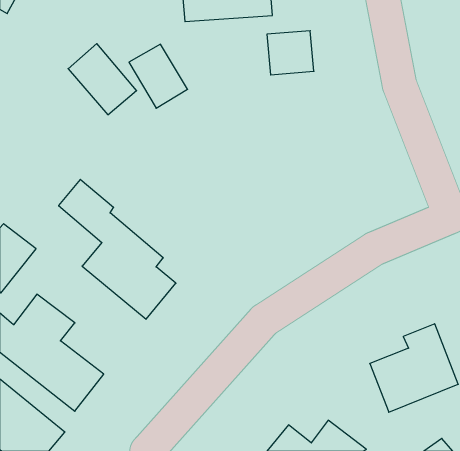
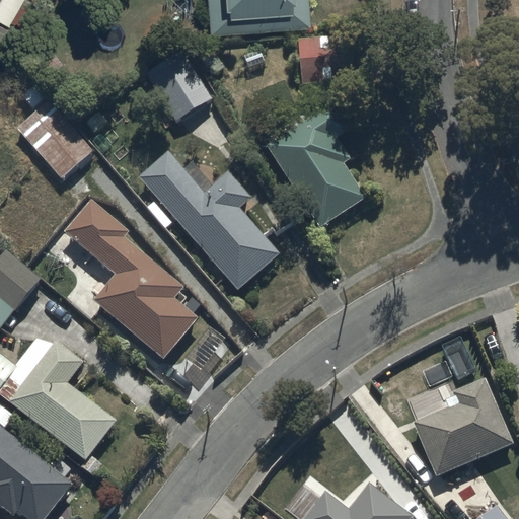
building: [68,44,137,115] -> [16,98,93,178]
building: none -> [265,101,364,227]
building: none -> [137,149,280,292]

